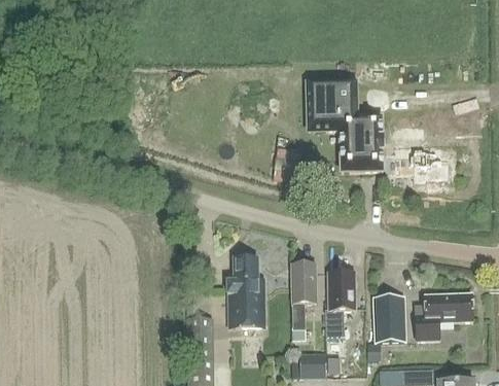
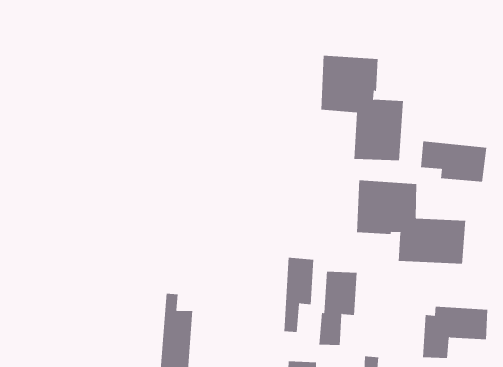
building: none -> [357,180,466,264]
building: [226,257,263,327] -> none
building: [373,295,405,341] -> none

